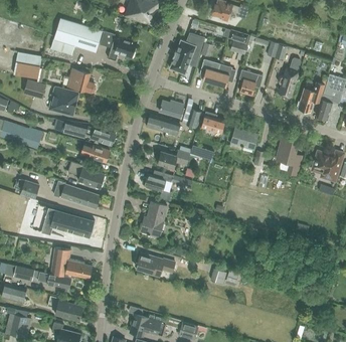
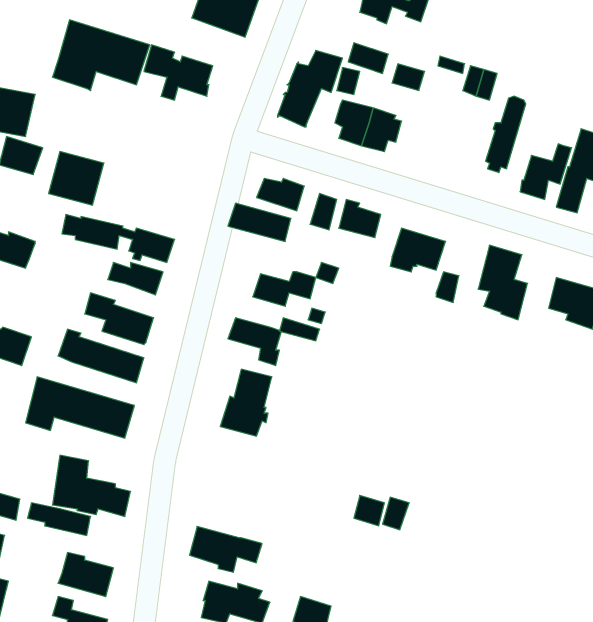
building: [66,67,96,93] -> none
building: [238,69,263,95] -> none
building: [137,252,175,277] -> [189,526,262,572]

